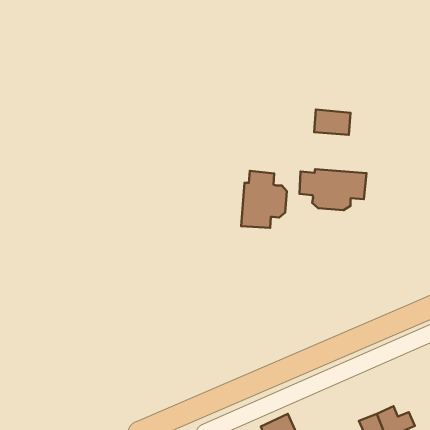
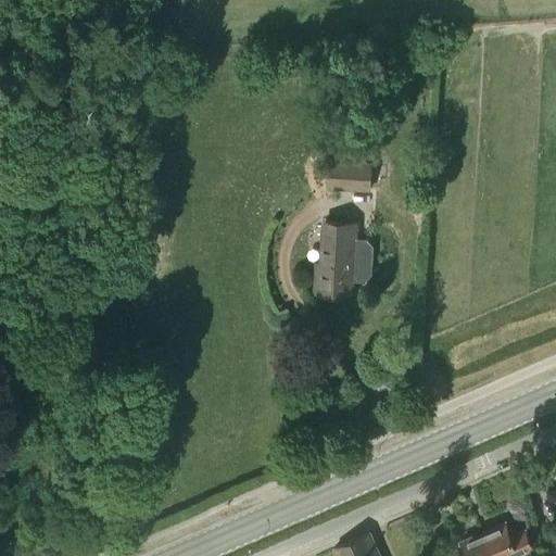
building: [314,109,350,135] -> [325,161,371,193]
building: [299,169,367,210] -> none

